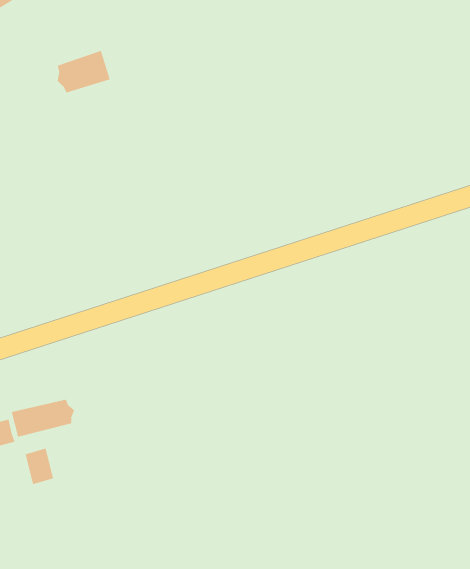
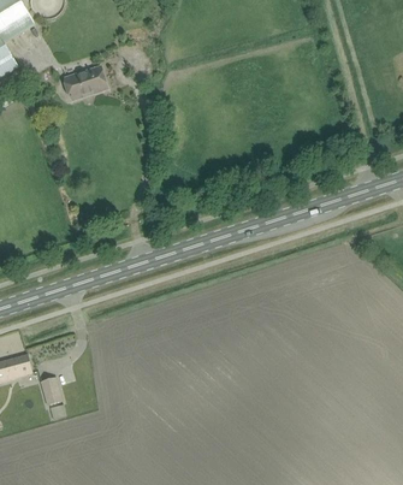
building: [11,399,75,437] -> none

